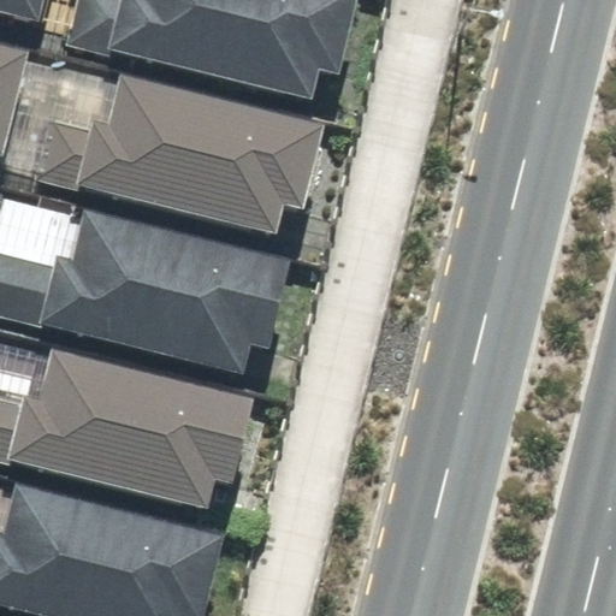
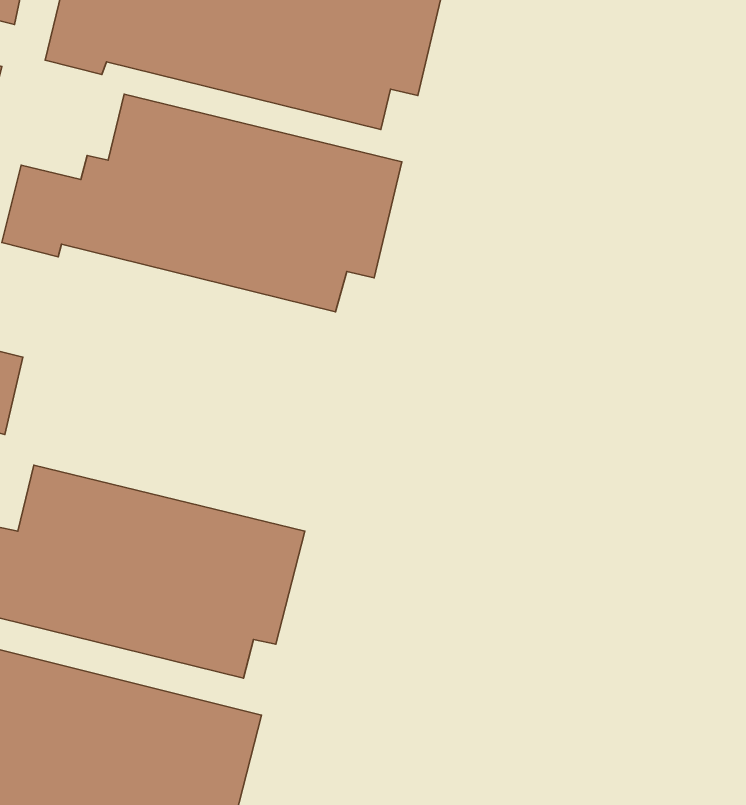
building: [48,214,298,374] -> none

